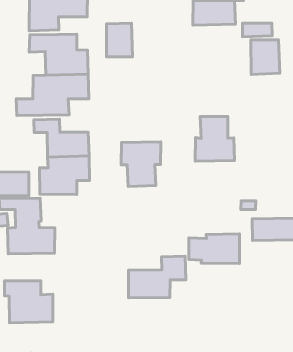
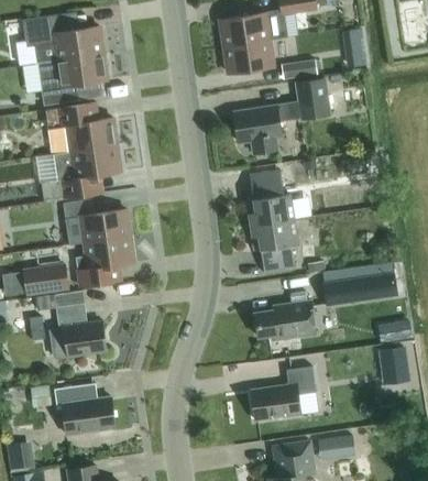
building: [106,23,132,57] -> none
building: none -> [233,106,282,153]
building: [121,142,161,187] -> [250,219,297,274]
building: [128,256,186,298] -> [250,365,316,420]

